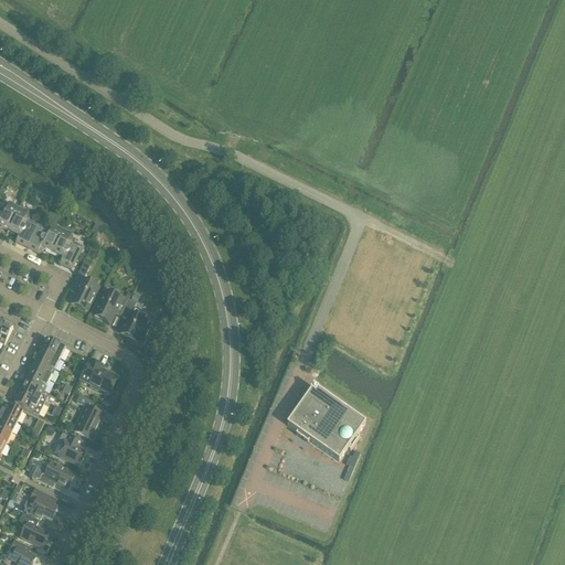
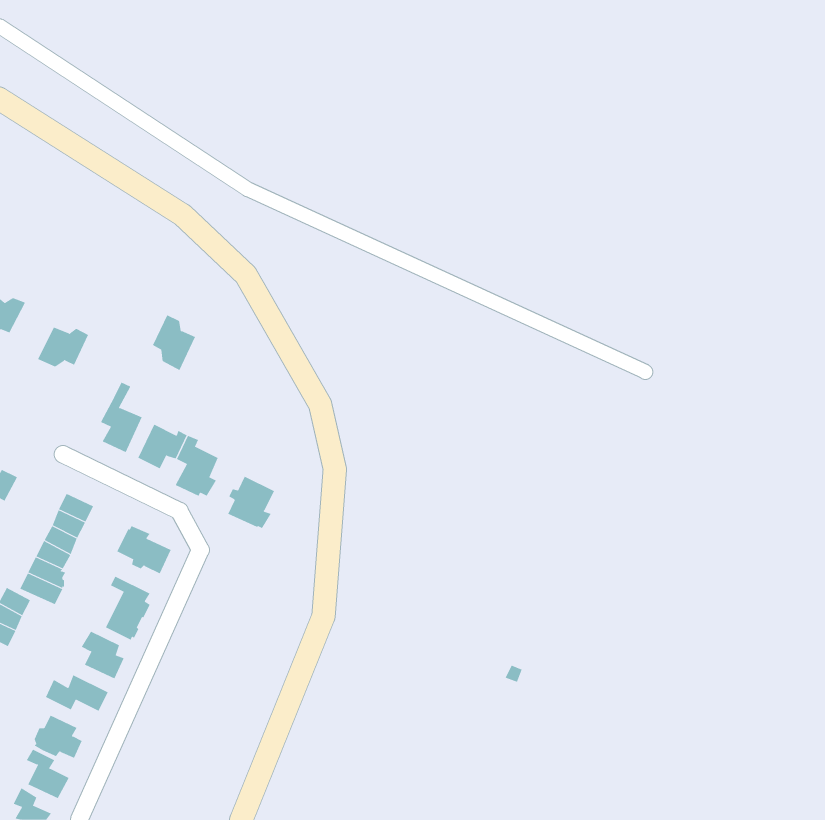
building: [7,206,36,245] -> none
building: [51,228,81,267] -> [152,314,196,371]
building: none -> [228,476,275,529]
building: [286,384,364,459] -> none

